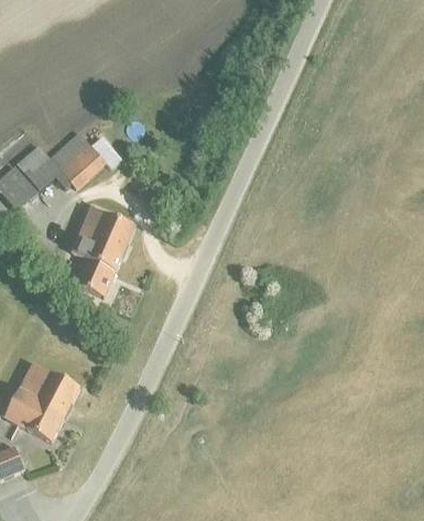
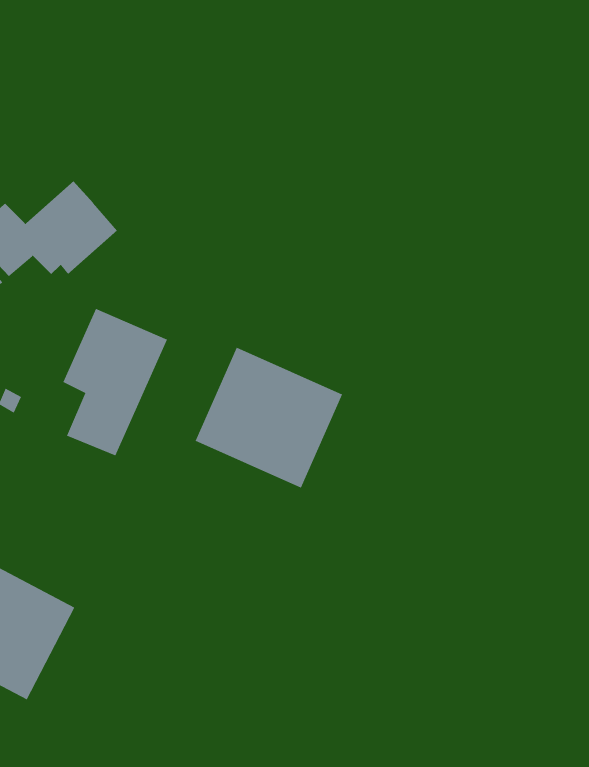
building: none -> [195,347,343,488]

